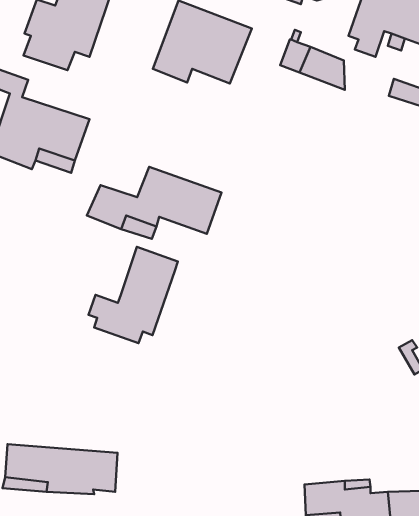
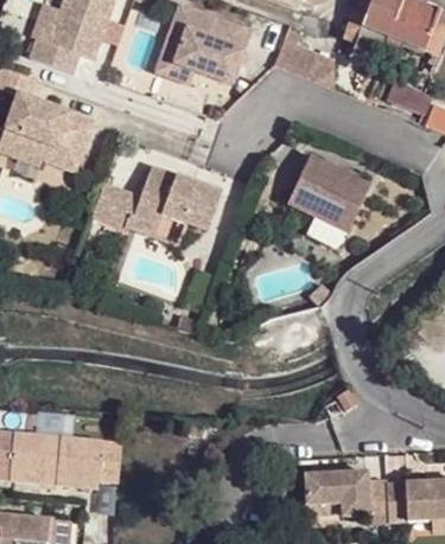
building: none -> [286,154,370,232]
building: [88,247,178,343] -> none

